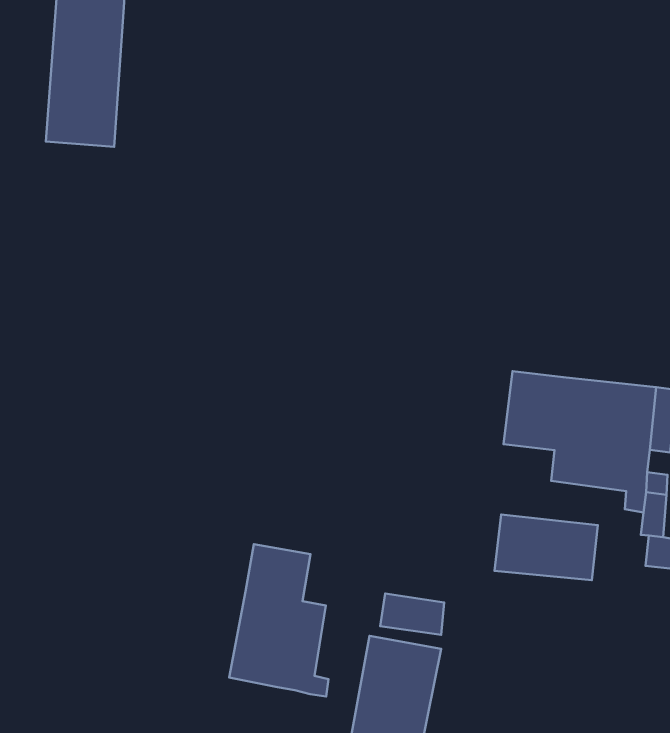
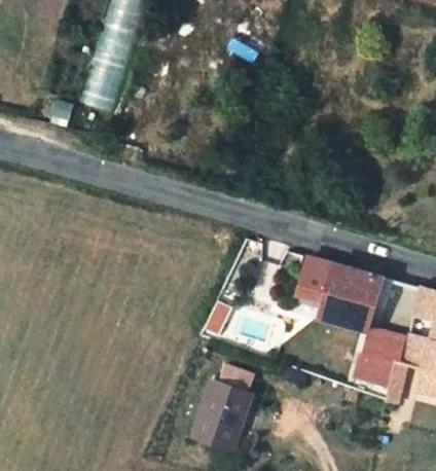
building: [495,514,598,580] -> none
building: [229,544,328,697] -> none

